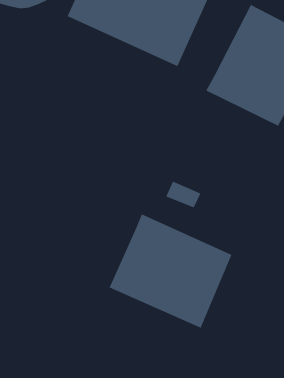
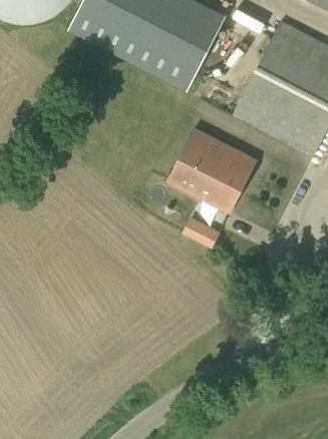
building: none -> [166,124,255,210]
building: [108,213,232,329] -> none

